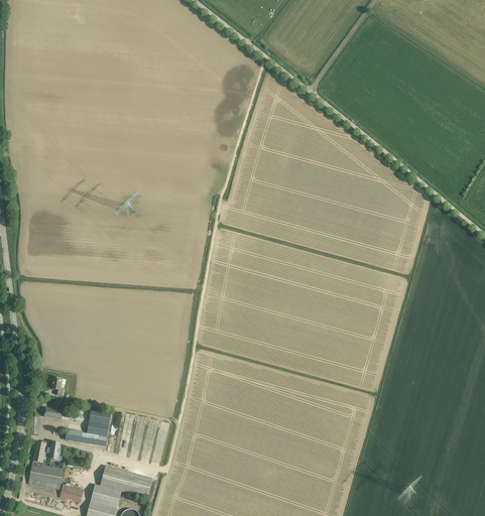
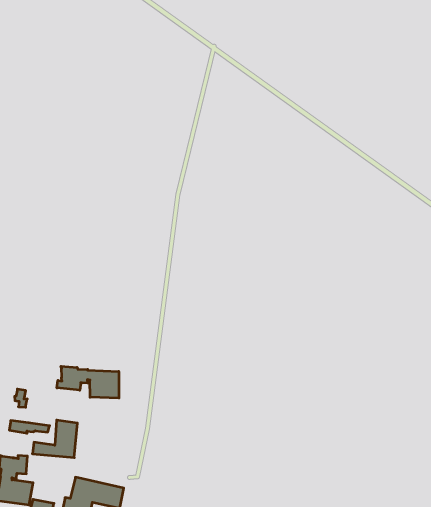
building: none -> [57,366,119,398]

